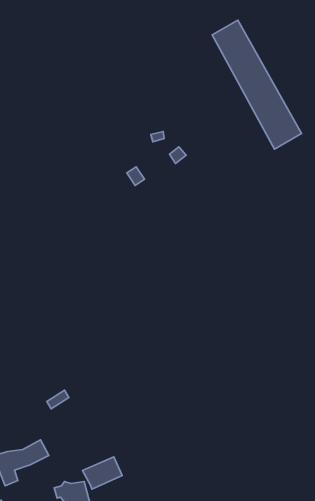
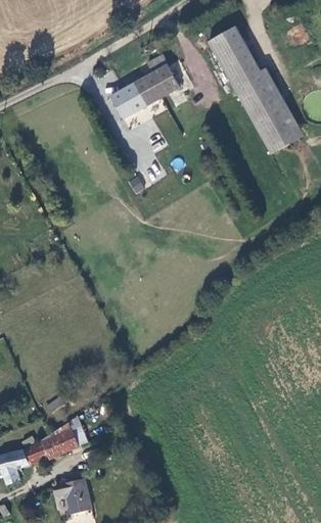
building: none -> [111,52,180,116]
building: [83,457,122,489] -> [42,427,81,459]

